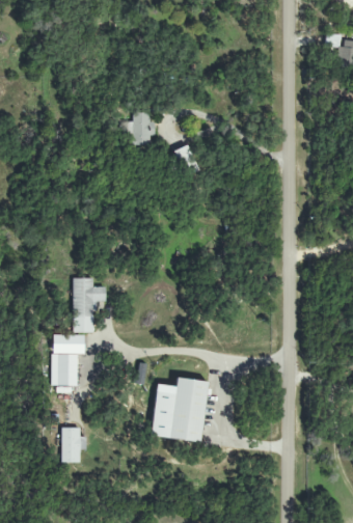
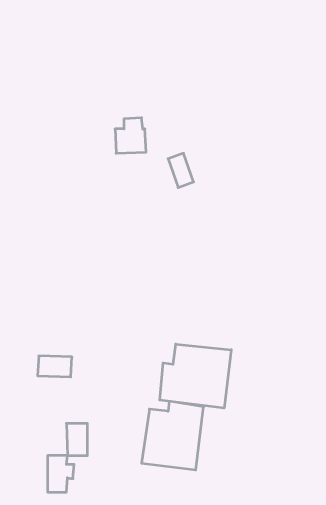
building: [73,277,105,318] -> none
building: none -> [160,344,231,408]
building: [58,355,78,385] -> [66,423,87,456]

